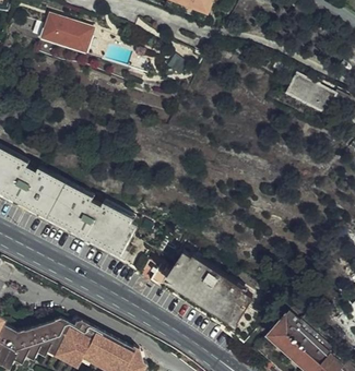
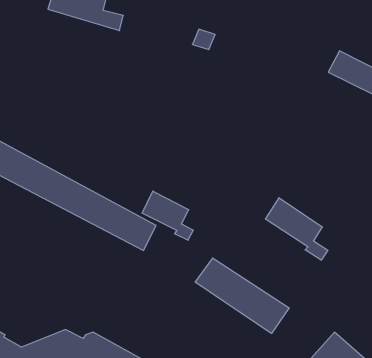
building: none -> [142,191,193,240]
building: none -> [265,198,328,260]

